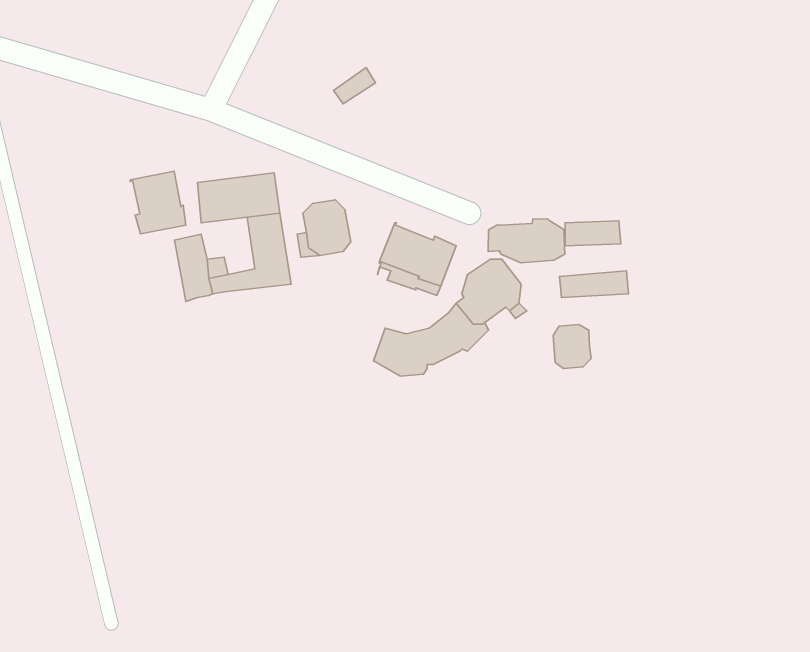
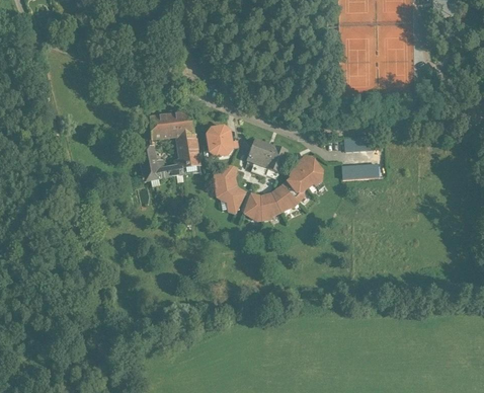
building: [130,171,186,234] -> none
building: [488,219,565,263] -> none
building: none -> [214,164,245,211]
building: [553,324,591,369] -> none

